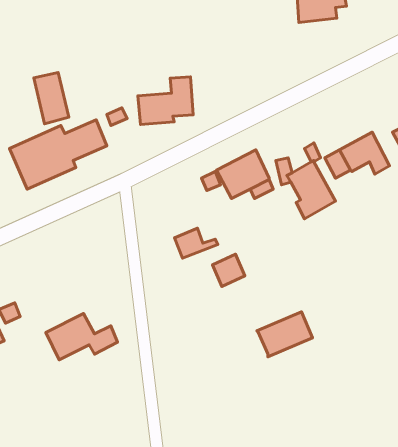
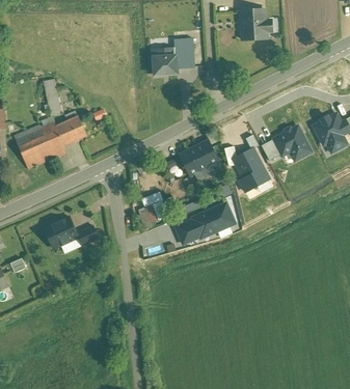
building: [138,77,193,124] -> [150,36,192,73]
building: [257,312,312,357] -> [190,202,233,237]
building: [46,314,117,360] -> [44,215,99,250]

